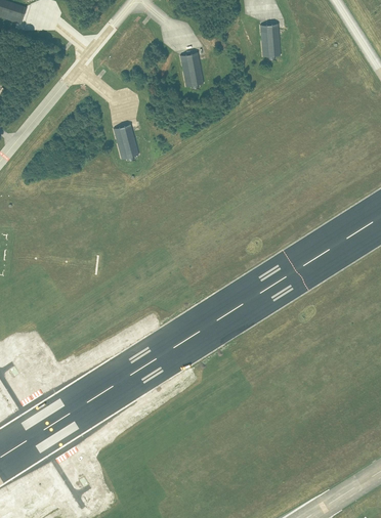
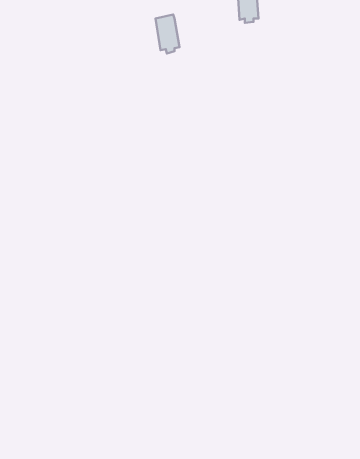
building: [114,125,138,162] -> none

